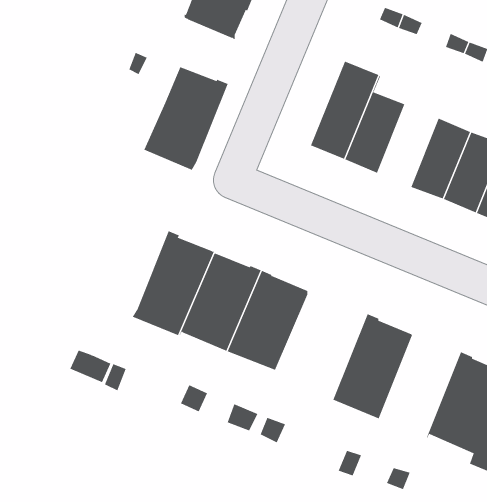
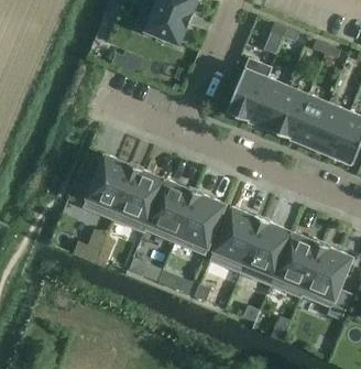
building: [144,67,228,170] -> [83,155,136,221]
building: none -> [270,86,308,139]
building: none -> [210,207,263,274]
building: none -> [271,231,322,299]

